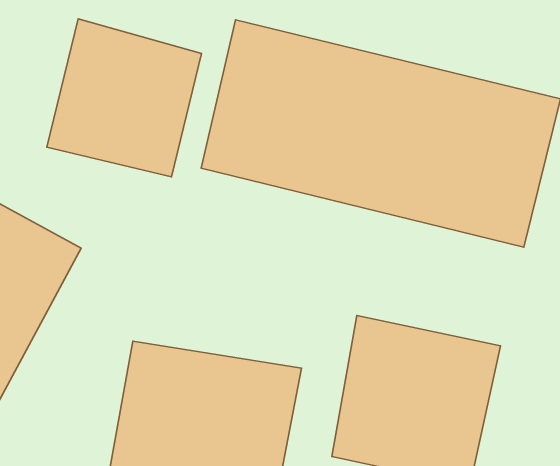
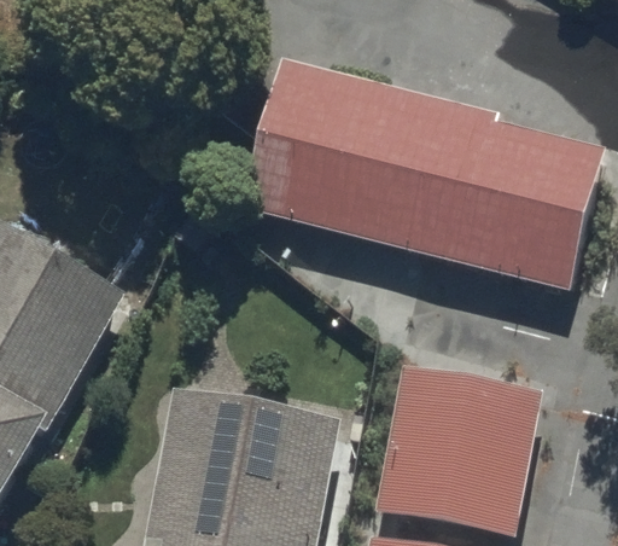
building: [47,19,201,177] -> none

